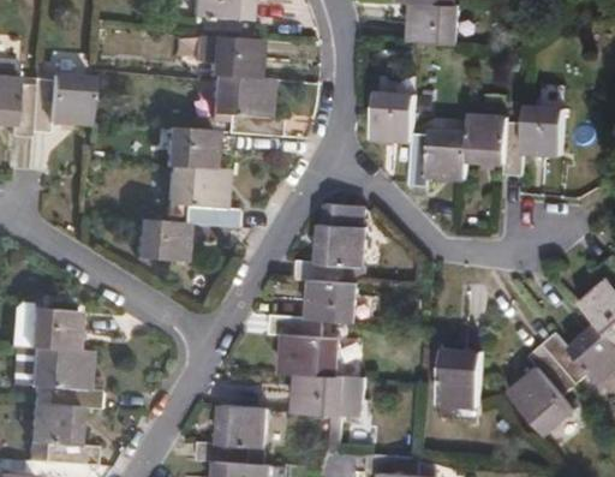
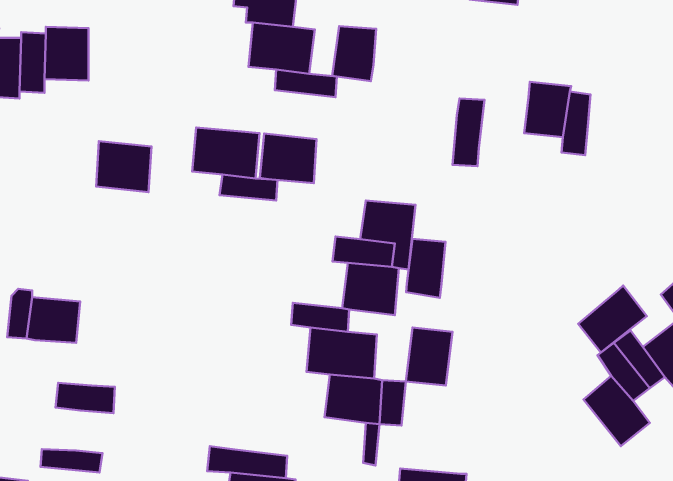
building: [370,99,408,147] -> [332,26,376,81]
building: [518,112,560,161] -> none
building: [169,118,219,161] -> [260,134,316,183]
building: [423,126,466,180] -> none
building: [141,211,189,256] -> [96,141,151,192]
building: none -> [406,239,445,298]
building: none -> [578,285,647,353]
building: [32,342,89,382] -> none
building: [434,356,474,406] -> [406,328,453,386]
building: [26,399,76,439] -> none
building: [208,401,259,443] -> none

